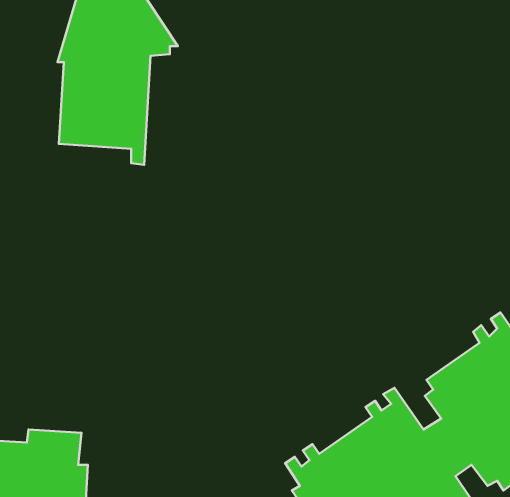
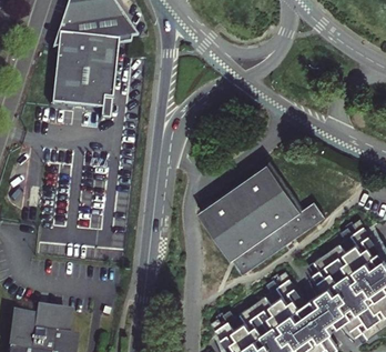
building: none -> [199,160,326,275]

